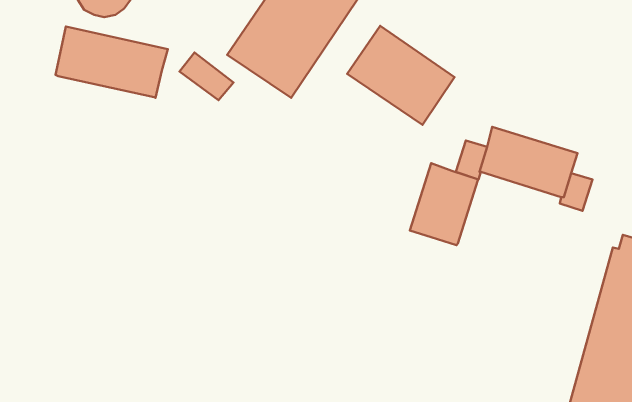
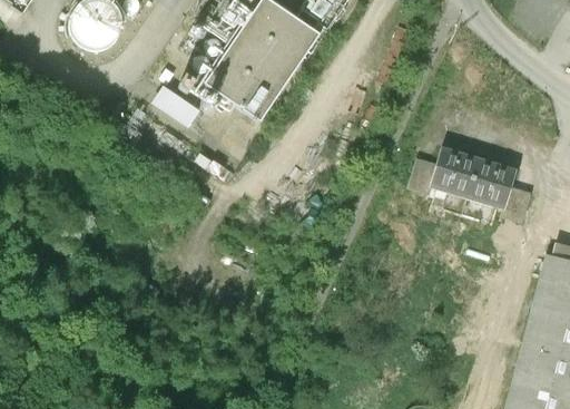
building: [347,26,455,125] -> none
building: [55,26,168,98] -> none
building: [410,163,478,245] -> none

